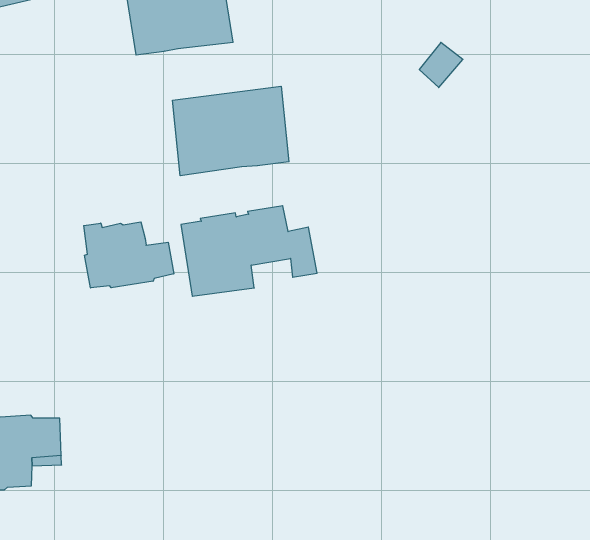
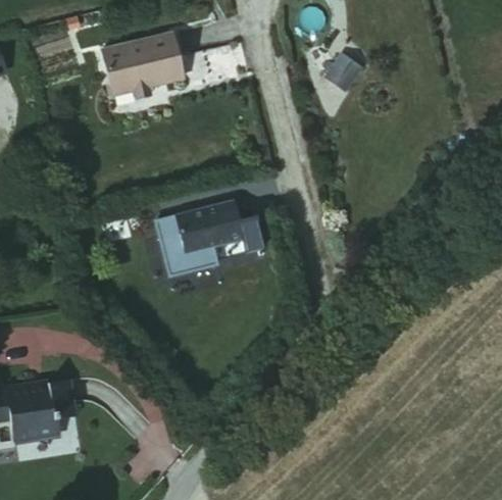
building: [173,86,289,176] -> none
building: [84,222,174,288] -> none

